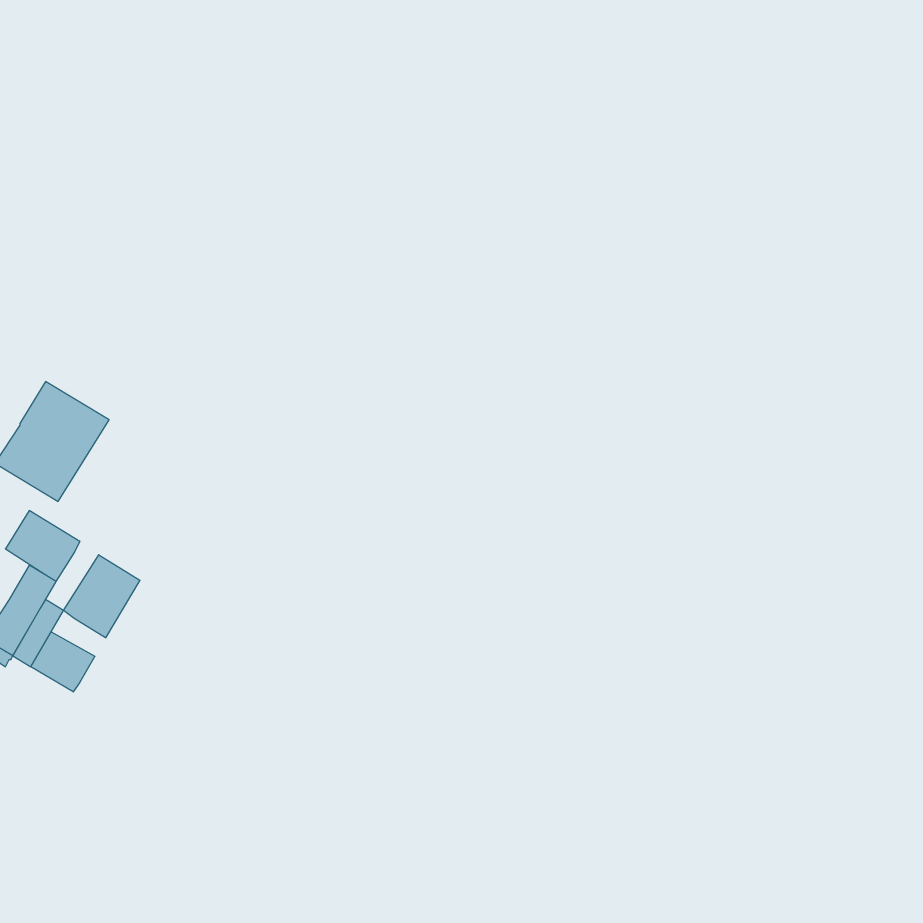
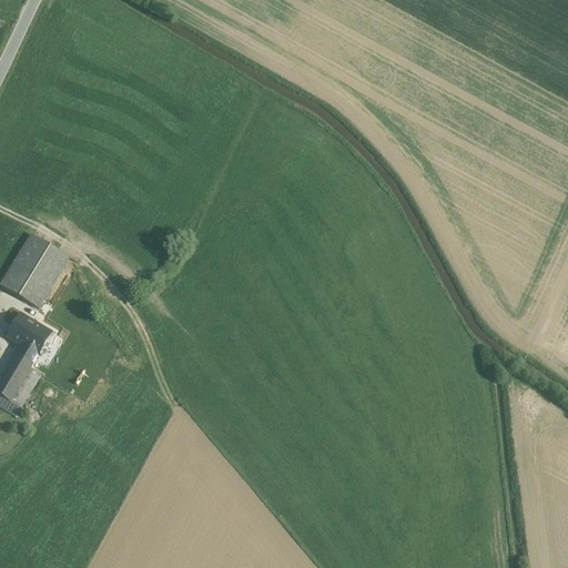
building: [64,555,140,638] -> none
building: [31,632,95,692] -> none

